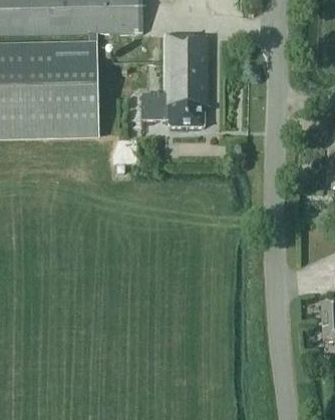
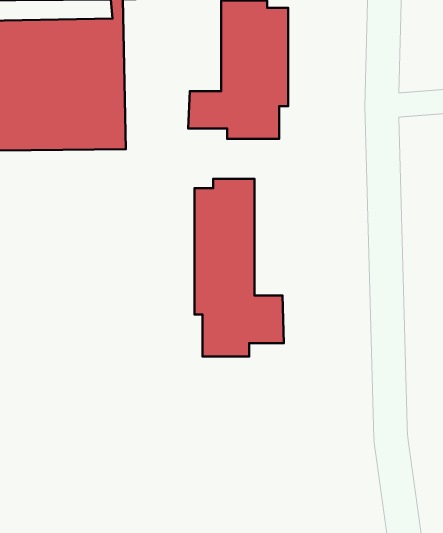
building: none -> [194,179,284,357]

